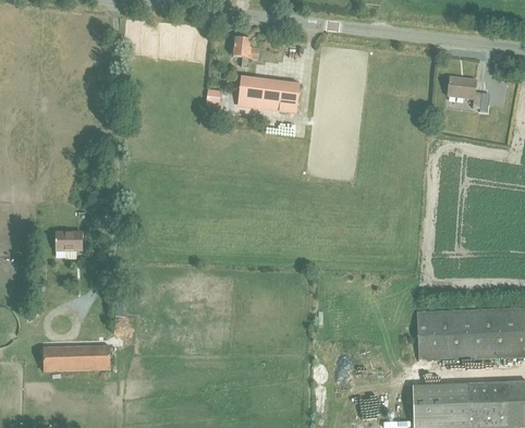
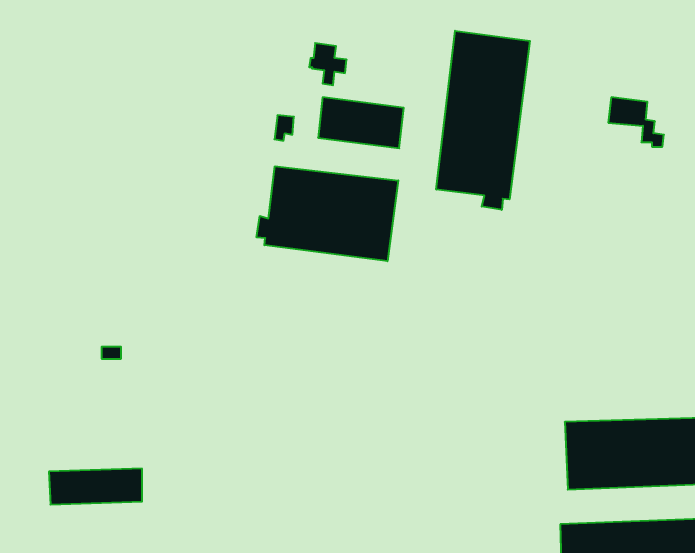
building: none -> [436,31,530,210]
building: none -> [257,166,398,261]
building: [56,231,82,249] -> none

